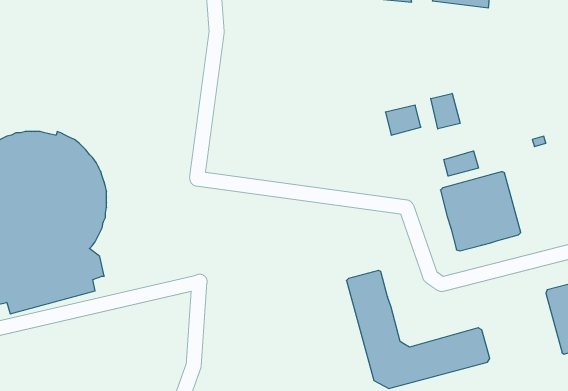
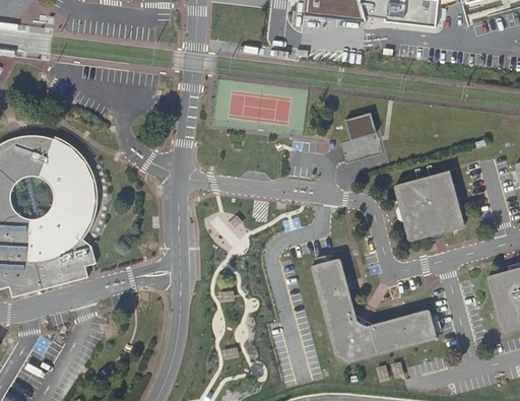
building: [431,93,460,129] -> none
building: [444,151,478,176] -> none

